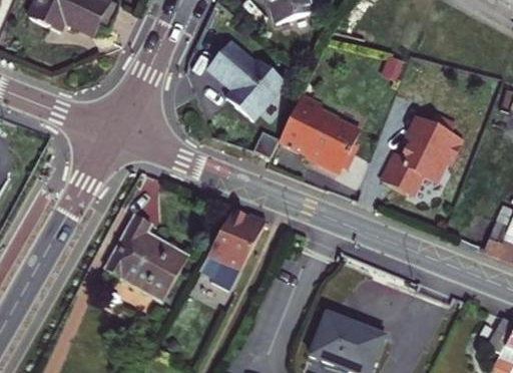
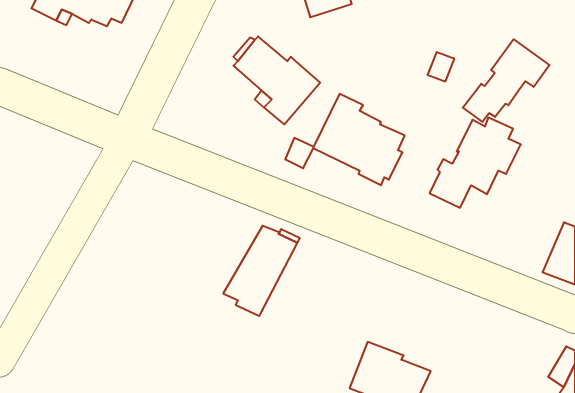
building: none -> [463,39,549,122]
building: [106,215,189,302] -> none

